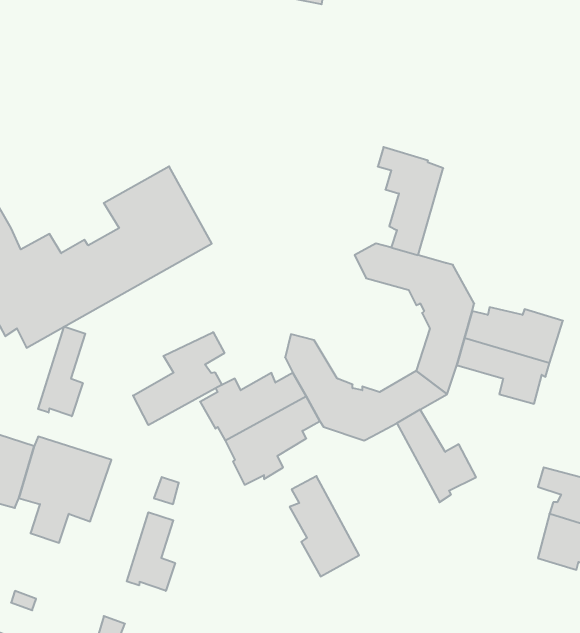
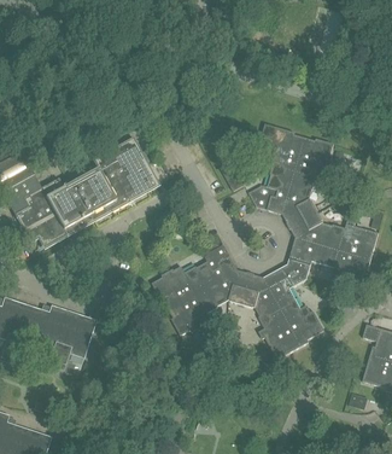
building: none -> [287,136,333,196]
building: [38,327,85,416] -> none
building: [133,332,224,425] -> none
building: [290,476,359,576] -> [257,296,300,359]
building: [127,512,175,591] -> none

